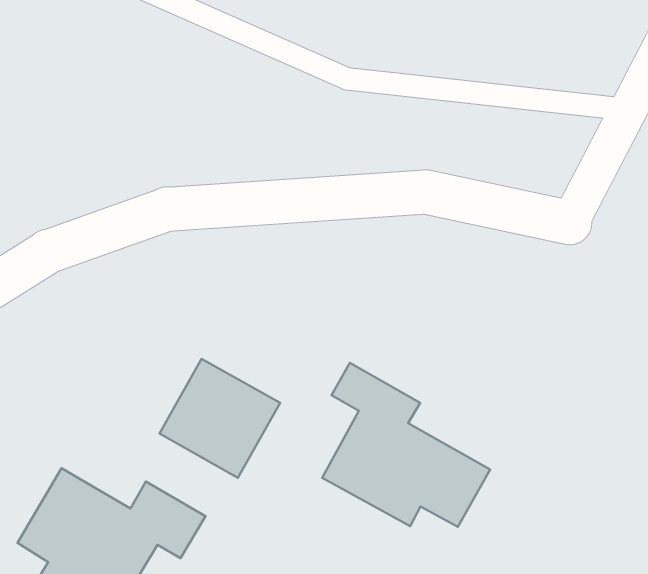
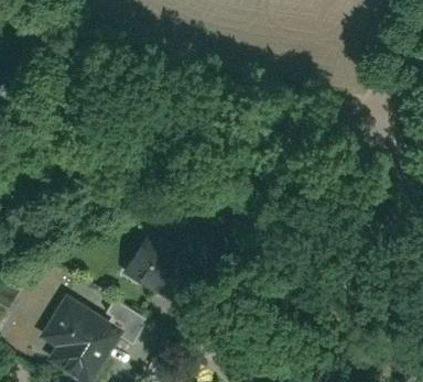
building: [322,363,490,527] -> none

